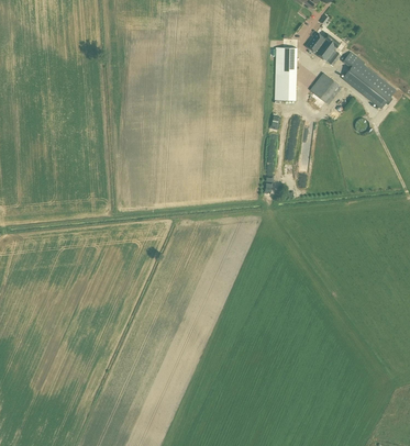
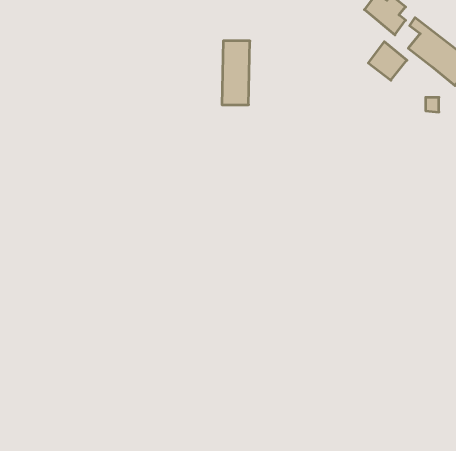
building: [274,47,297,100] -> [222,41,250,105]

